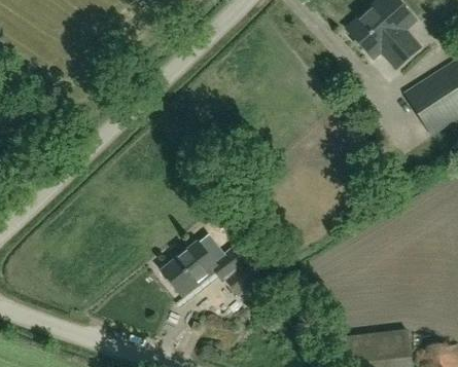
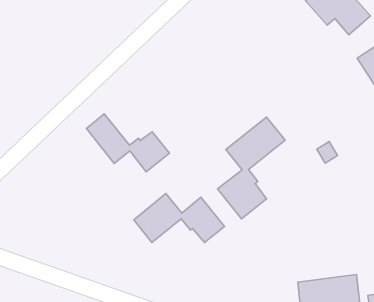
building: none -> [86,114,169,172]
building: none -> [218,117,285,219]

